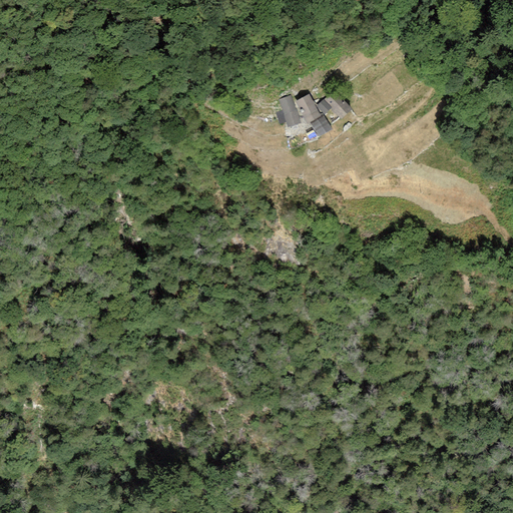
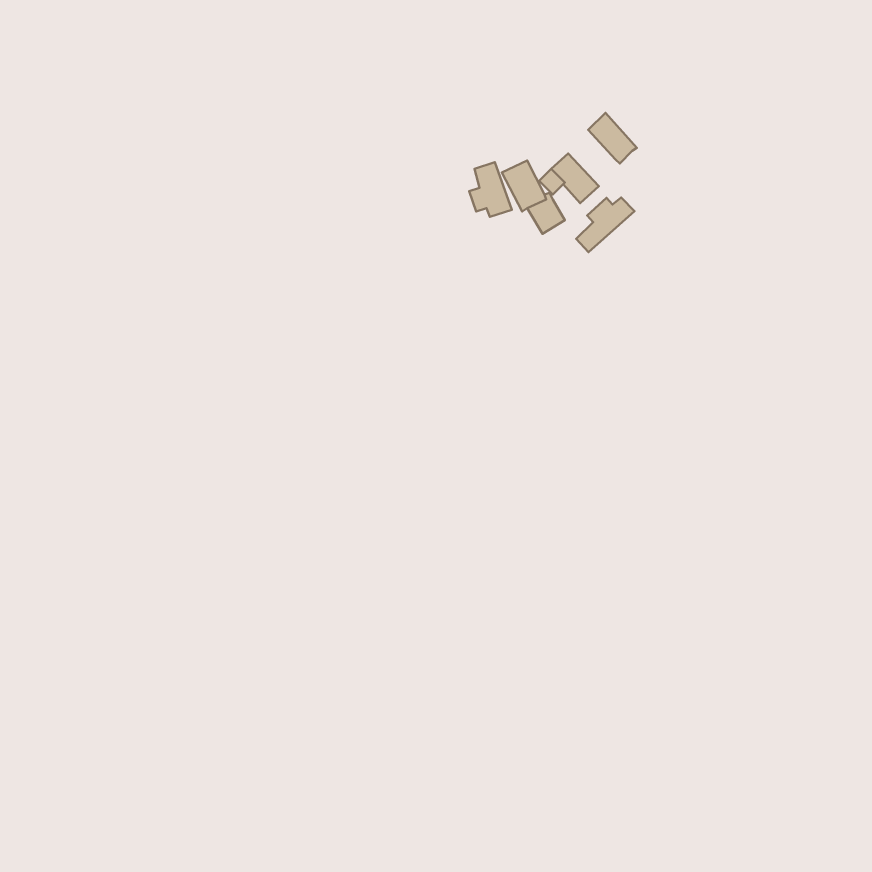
building: none -> [588,113,637,163]
building: none -> [576,197,635,252]

